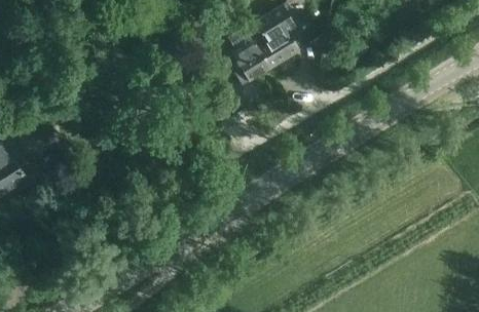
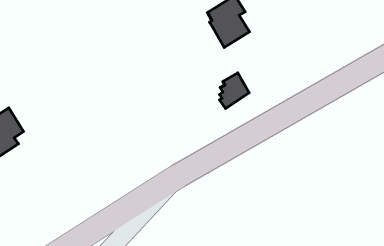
building: [232,44,267,86] -> [219,73,249,109]

